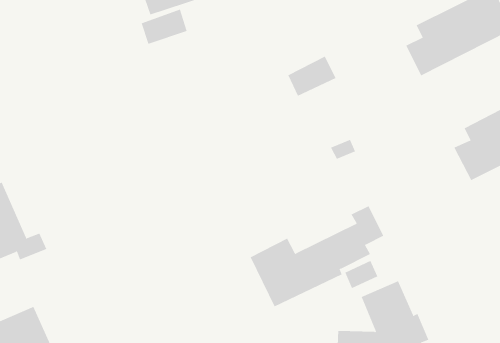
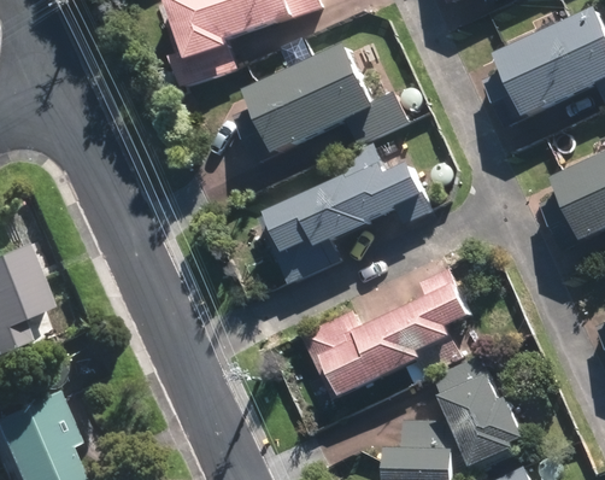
building: none -> [243,53,371,156]
building: none -> [264,148,418,280]

